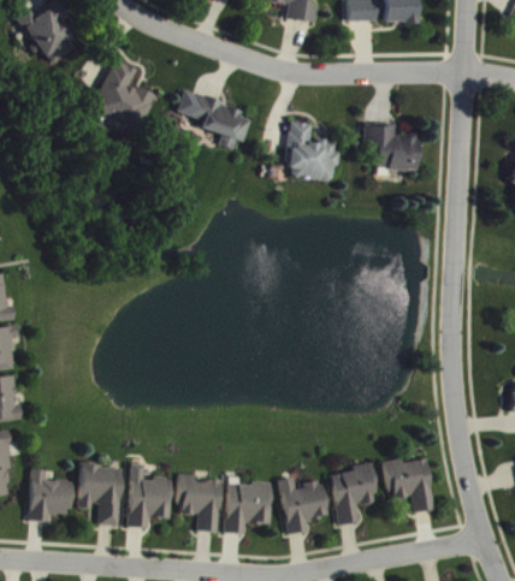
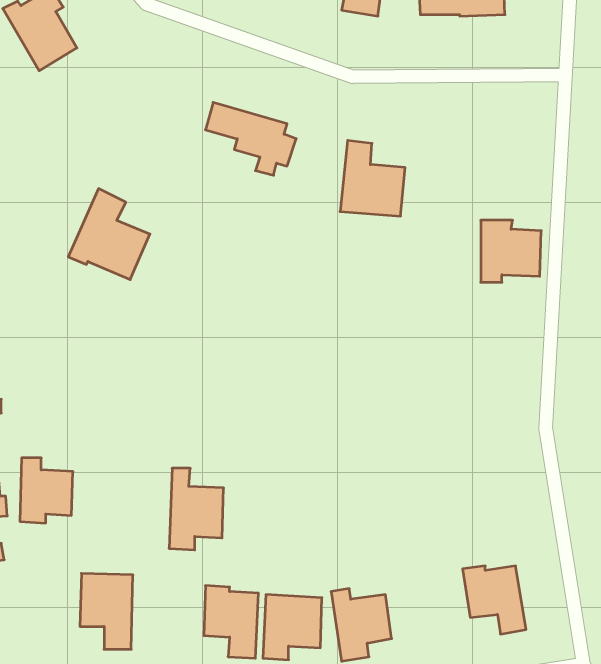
building: [89,58,154,130] -> [68,189,150,280]
building: [369,125,418,174] -> [481,220,541,282]
building: [331,462,375,524] -> none
building: [128,463,171,528] -> [169,468,224,550]
building: [29,469,71,521] -> [20,458,73,523]

